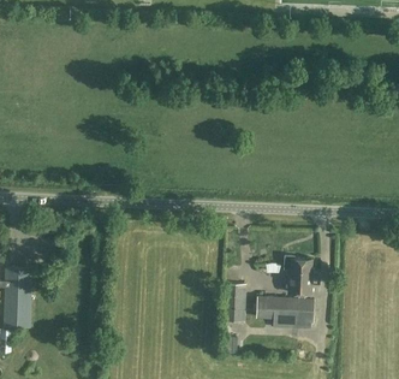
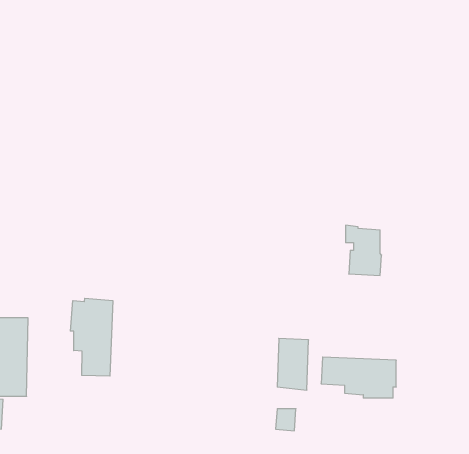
building: none -> [70,298,113,376]
building: [285,255,312,294] -> [346,225,382,275]

